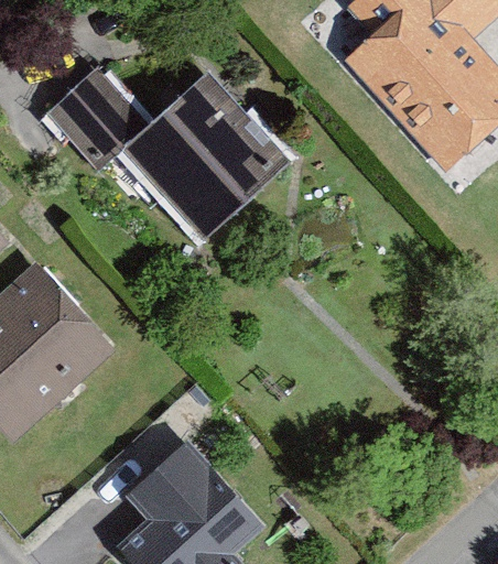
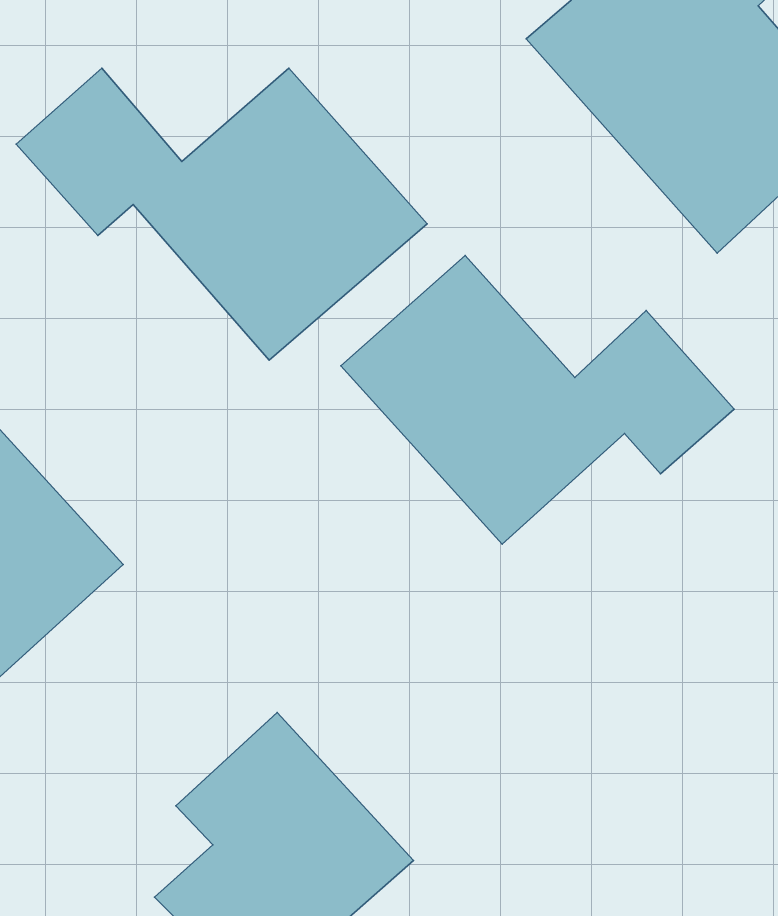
building: none -> [341,255,734,544]

